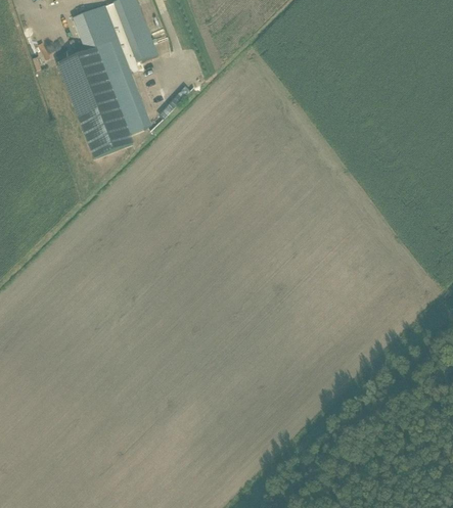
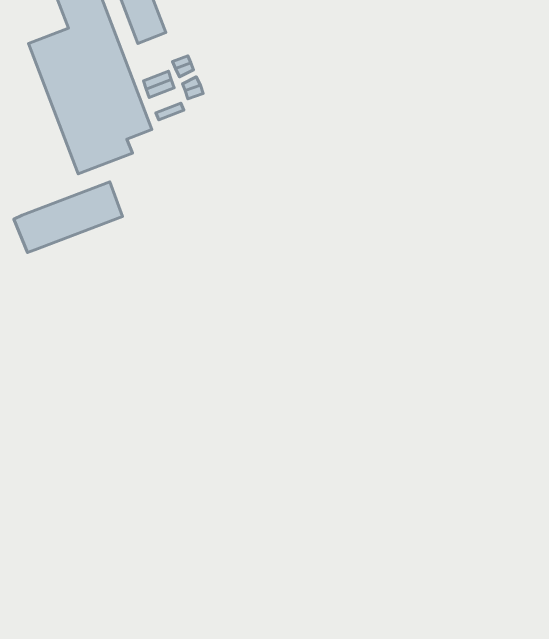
building: none -> [14,182,123,253]

